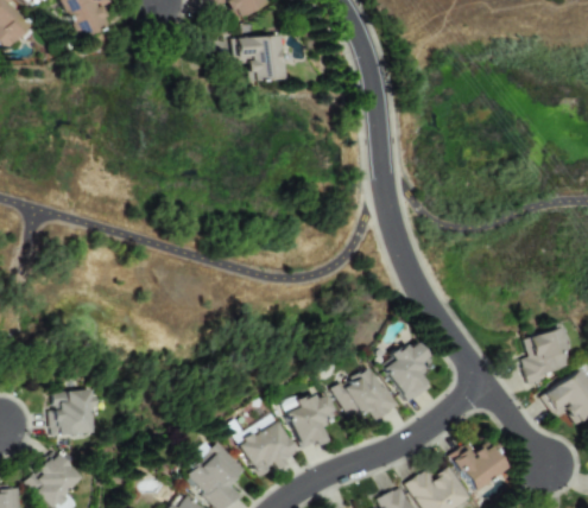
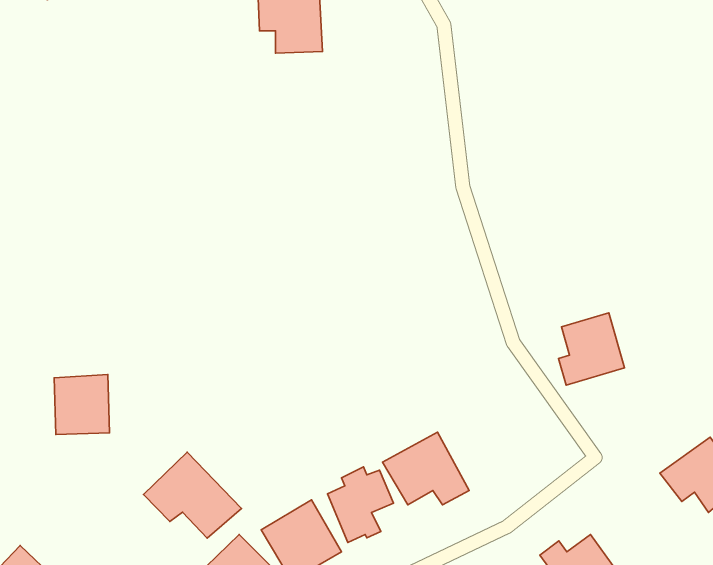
building: [519,326,569,381] -> [558,313,625,385]
building: [379,339,428,404] -> none
building: none -> [144,452,241,538]
building: [53,389,95,434] -> [54,375,109,434]

